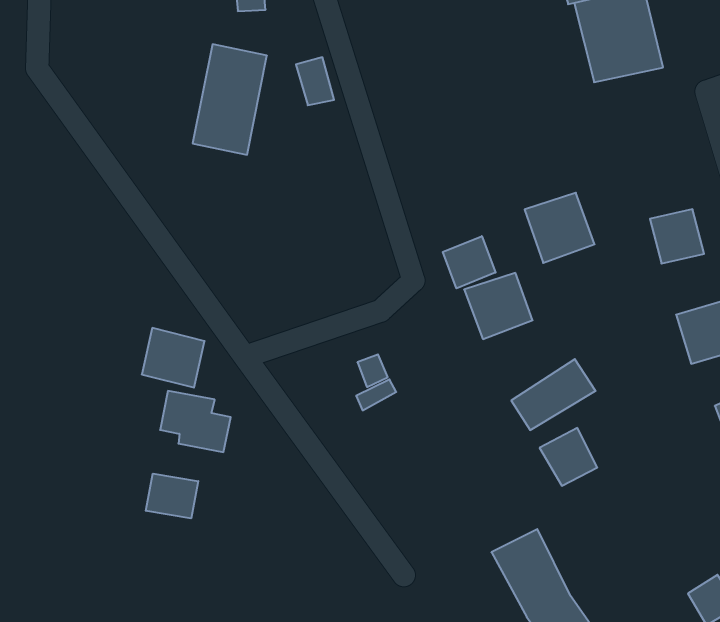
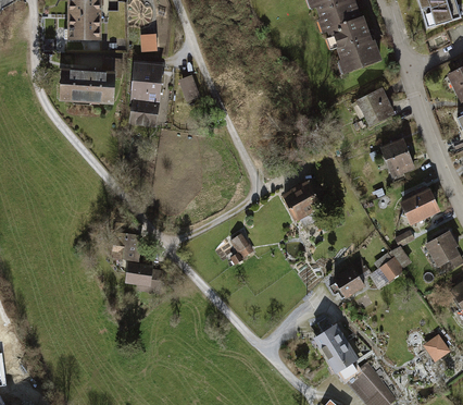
building: none -> [62,68,117,105]
building: [525,193,595,263] -> [354,86,395,126]
building: [443,236,496,288] -> none
building: [511,359,596,430] -> [364,247,410,289]
building: [146,474,198,518] -> none

